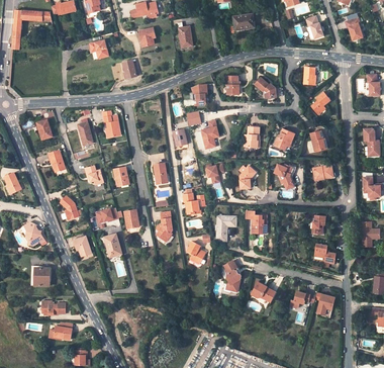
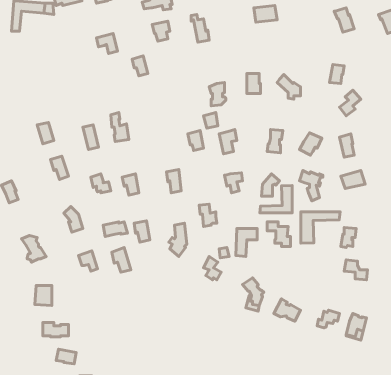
building: none -> [260,186,292,213]
building: none -> [301,212,340,243]

